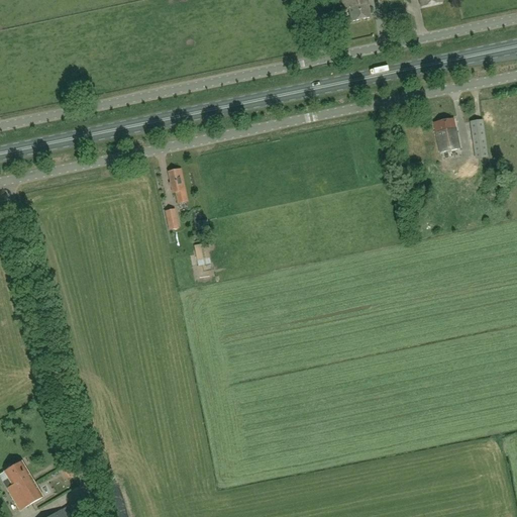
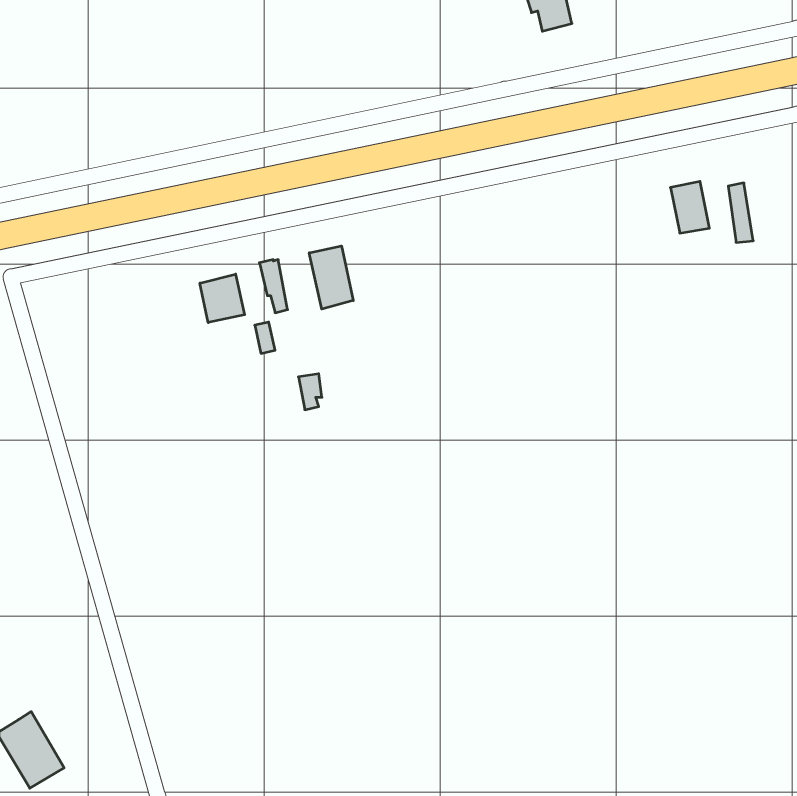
building: none -> [309,246,353,309]
building: none -> [200,274,245,323]

